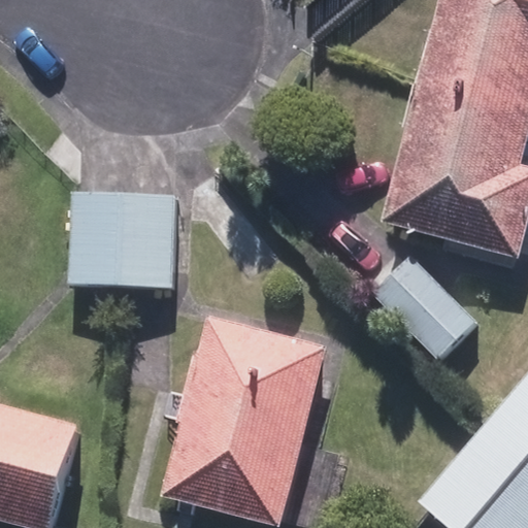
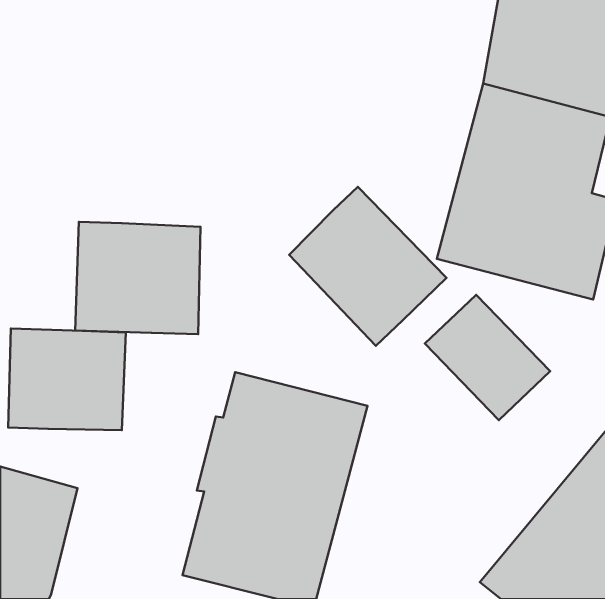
building: none -> [289,187,446,346]
building: none -> [8,329,126,430]

